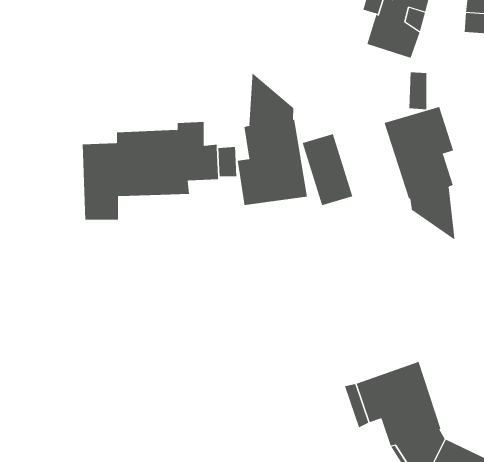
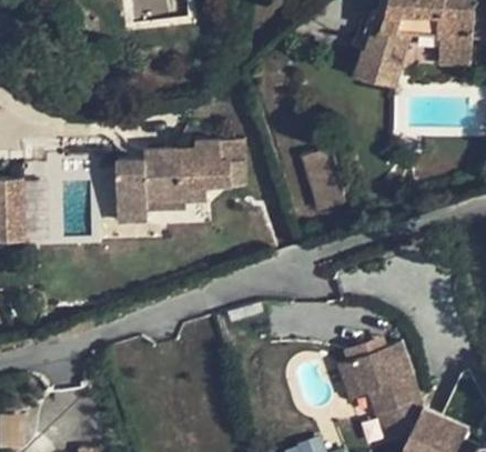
building: [237,72,307,206] -> none
building: [384,106,455,241] -> none

